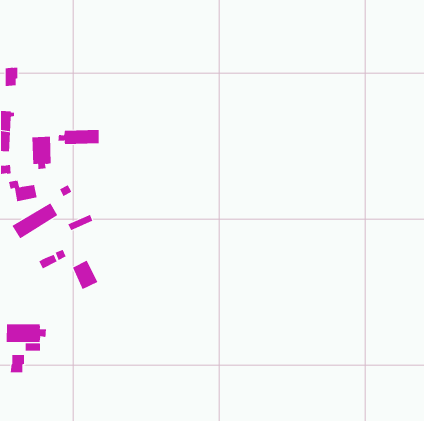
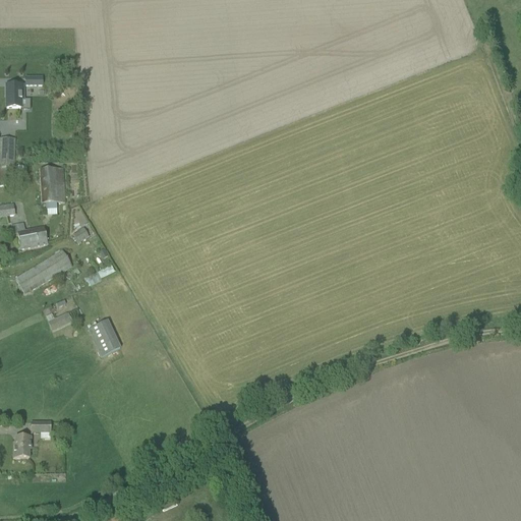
building: [58,129,99,145] -> none
building: [6,323,46,343] -> none

